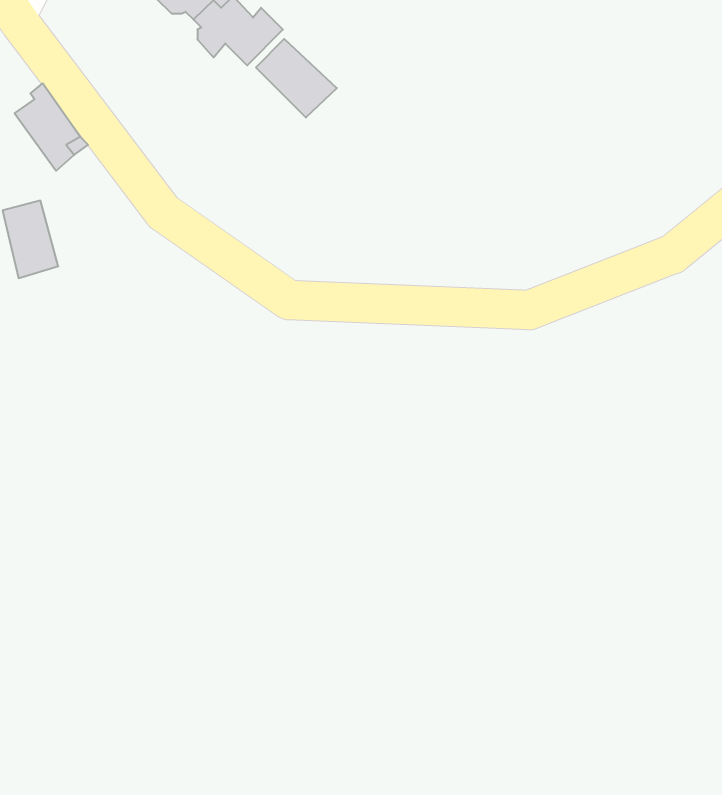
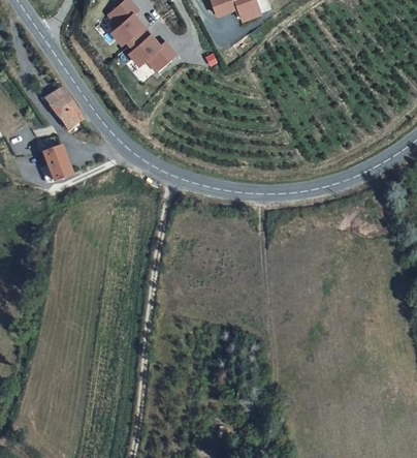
building: [256,39,337,118] -> none

